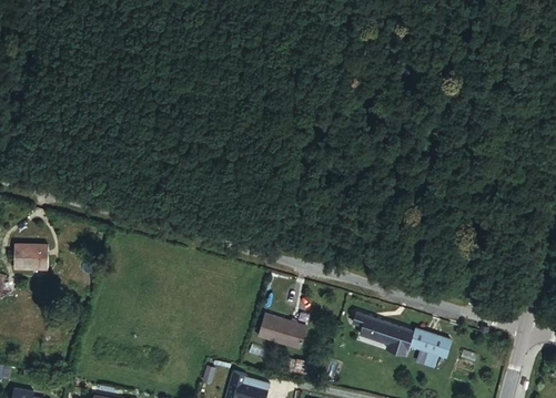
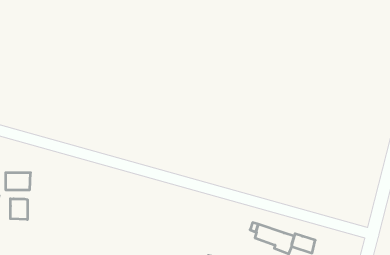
building: none -> [10,199,27,220]
building: [255,314,304,347] -> none

